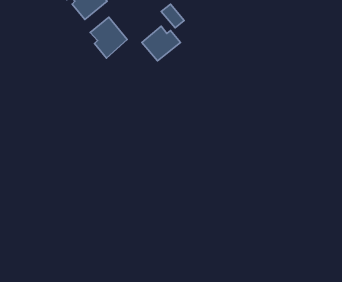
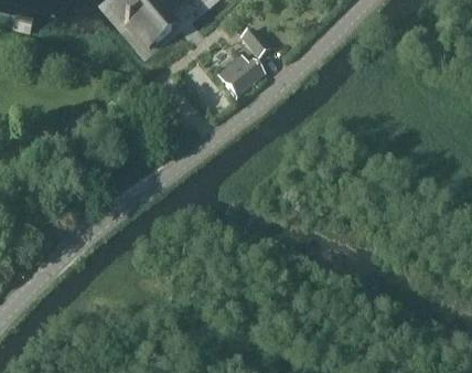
building: [90,17,127,58] -> none

